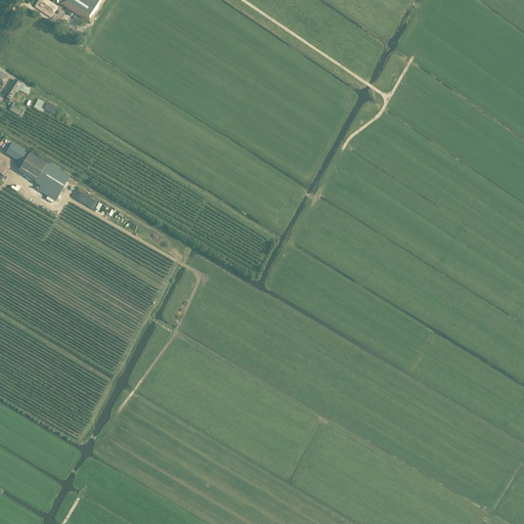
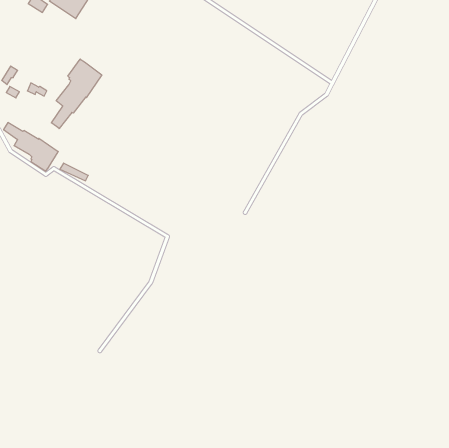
building: none -> [51,59,102,129]

